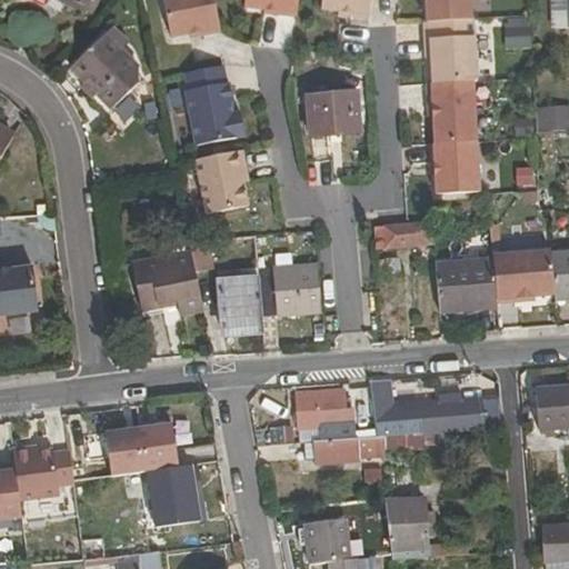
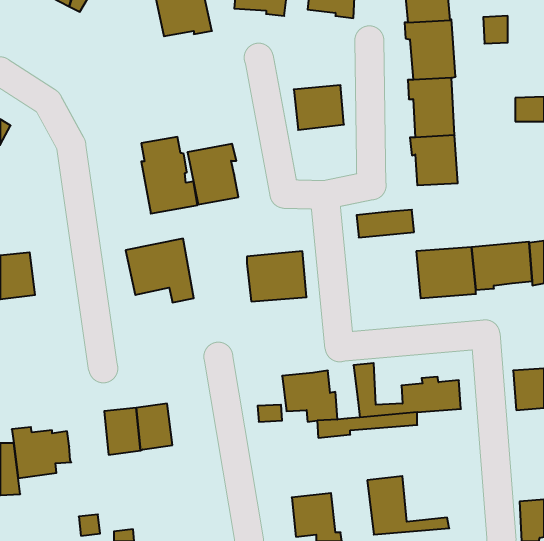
building: [70,34,139,109] -> none
building: [186,66,244,146] -> [141,137,198,214]
building: [218,274,263,335] -> none
building: [149,463,209,525] -> none

